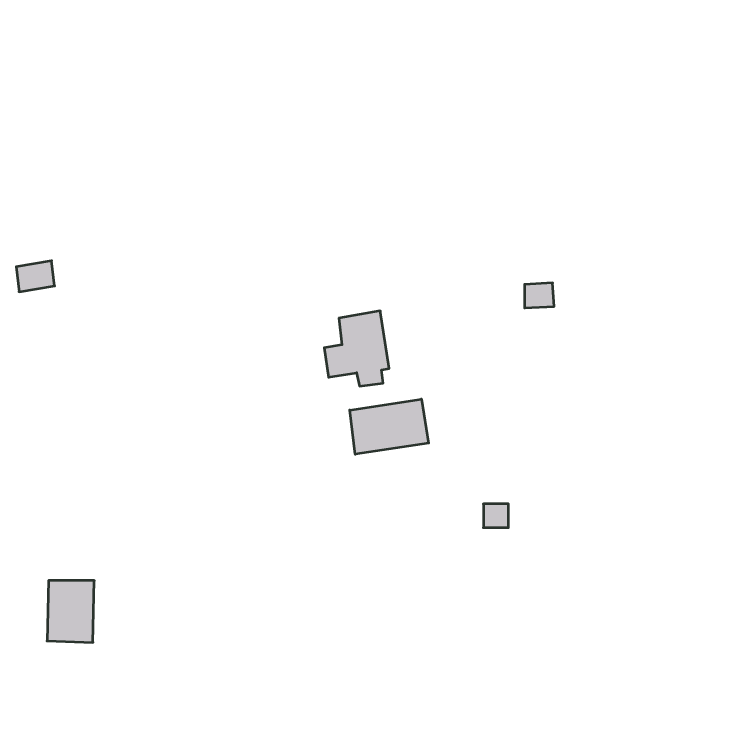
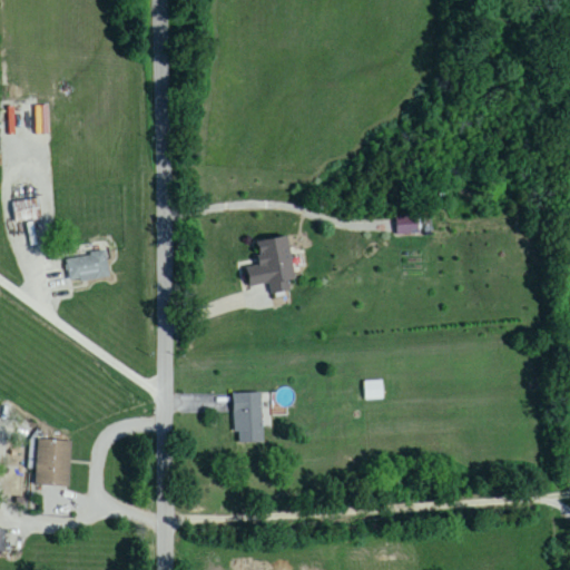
building: none -> [66,250,109,282]
building: [350,399,429,454] -> none
building: none -> [234,392,263,442]

